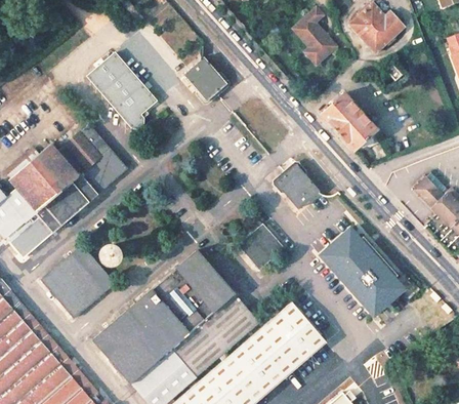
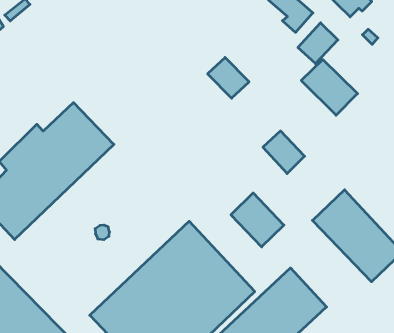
building: [88,53,156,126] -> none
building: none -> [298,23,338,64]
building: [183,59,224,100] -> [208,57,249,98]
building: [43,243,115,315] -> none

